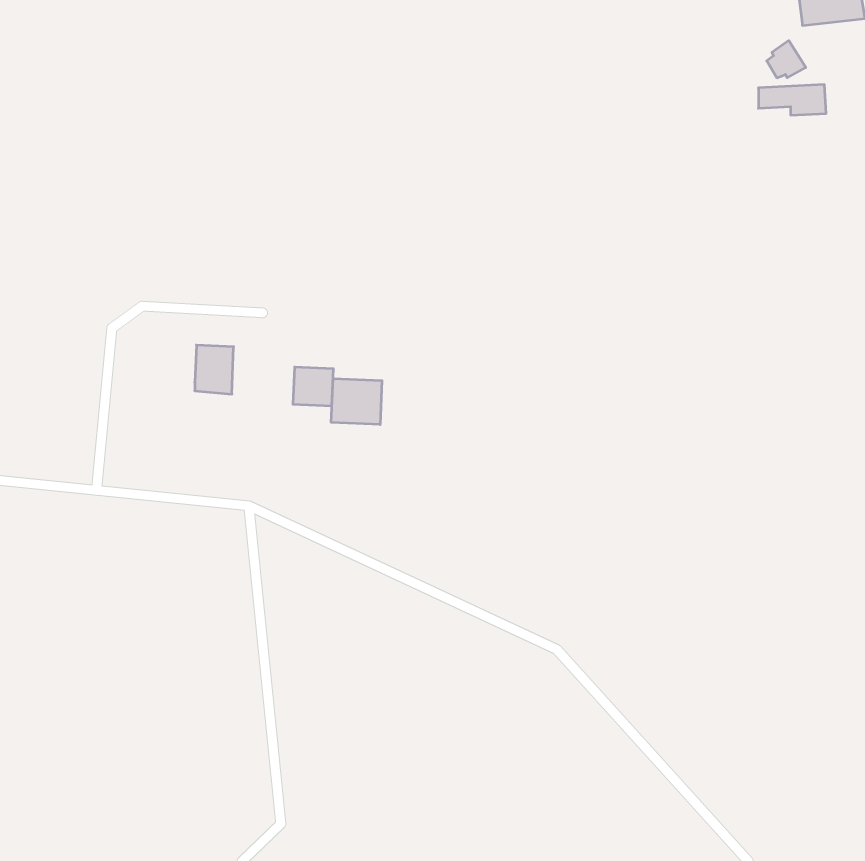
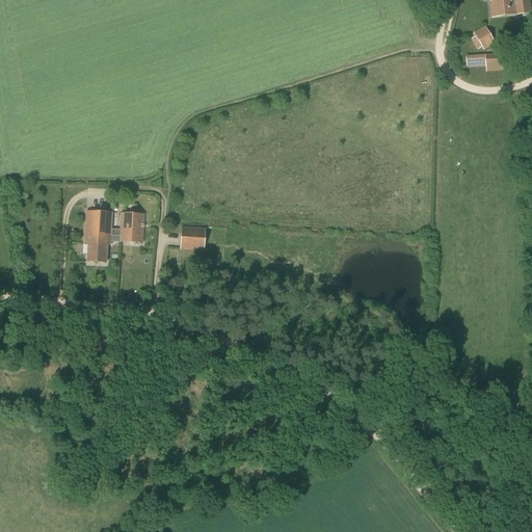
building: none -> [85,210,119,261]
building: [331,378,382,425] -> none

